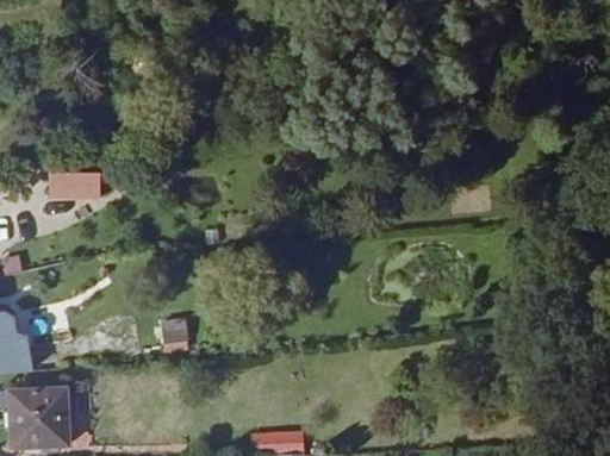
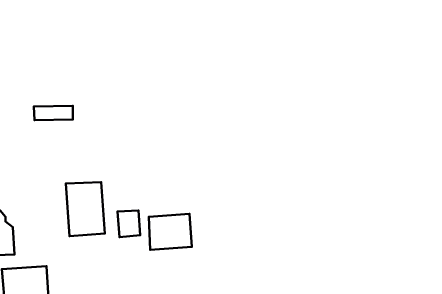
building: none -> [66,182,105,236]
building: none -> [149,214,192,250]

